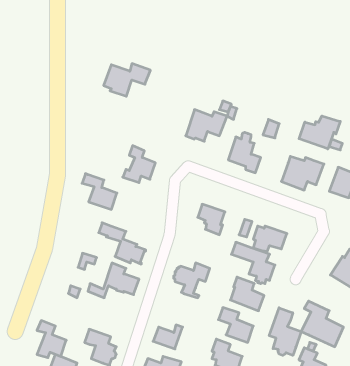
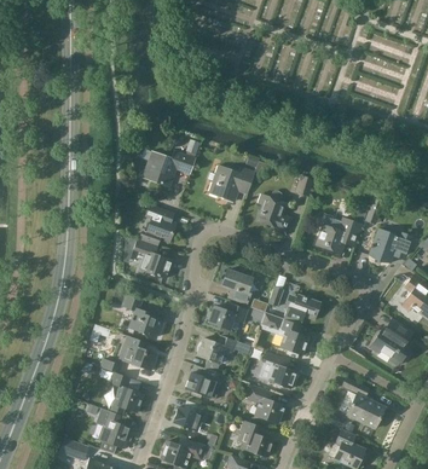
building: [104,64,150,96] -> [144,150,196,186]
building: [299,116,340,149] -> none
building: [82,174,117,209] -> [133,238,172,278]
building: none -> [209,303,247,330]
building: none -> [185,369,224,399]
building: [269,308,301,355] -> none
building: [37,321,66,358] -> [110,372,143,413]

